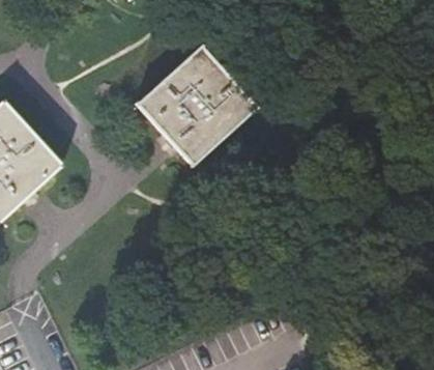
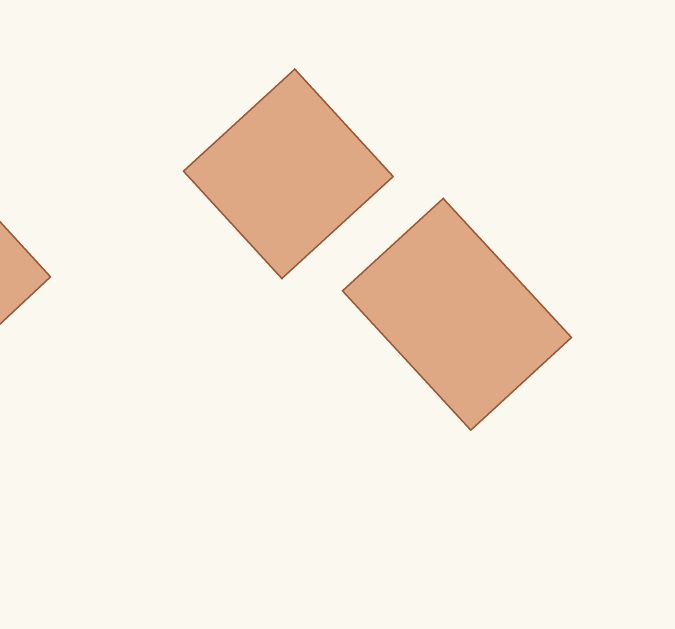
building: none -> [343,198,571,430]

